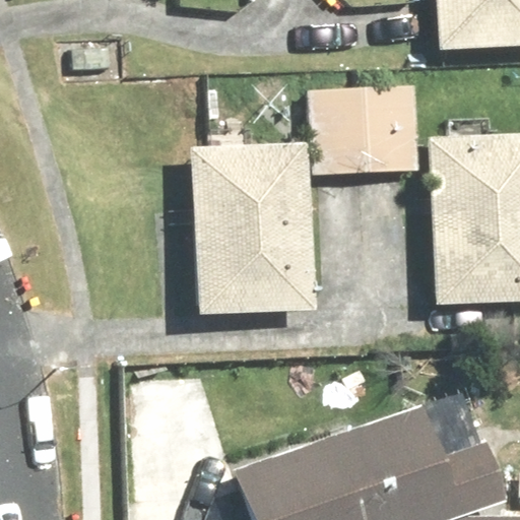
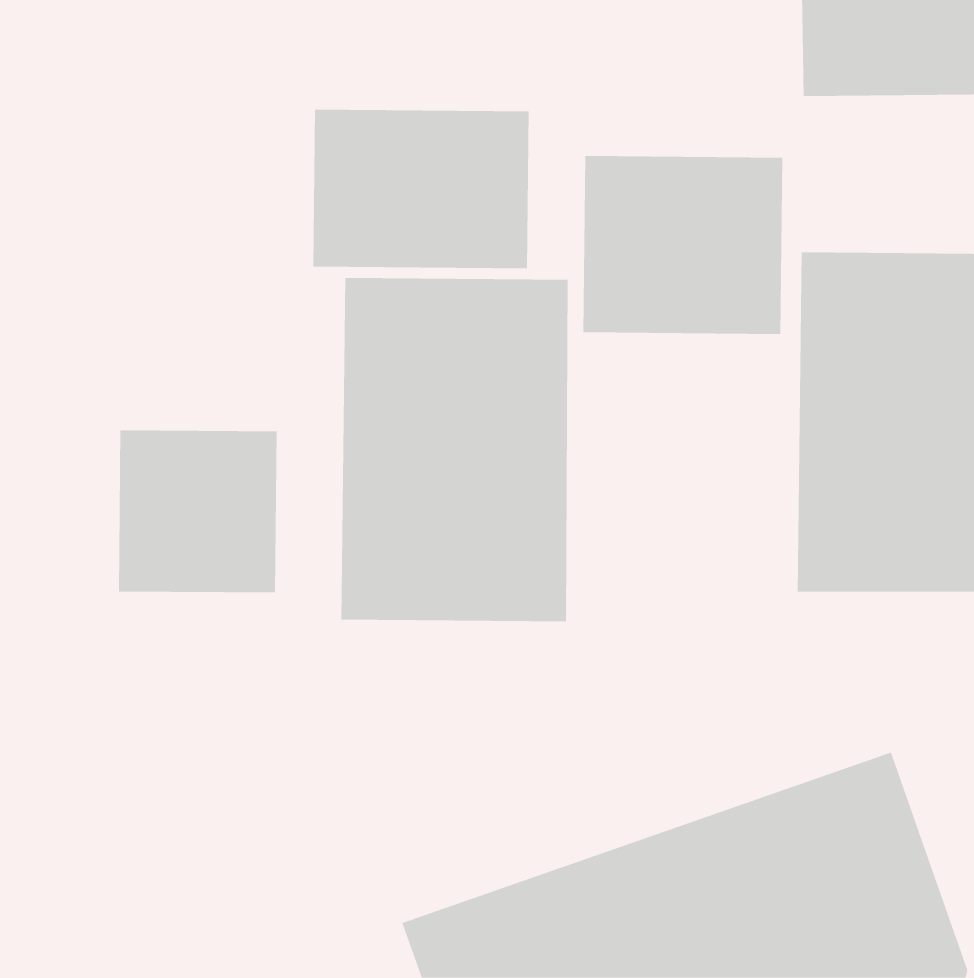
building: none -> [313,109,529,269]
building: none -> [119,430,277,593]

